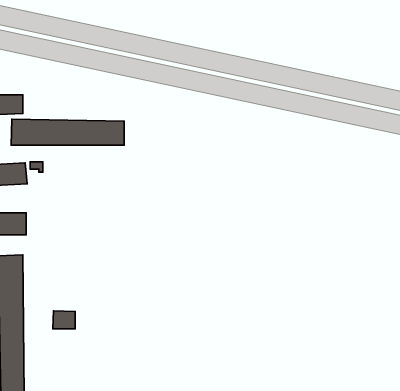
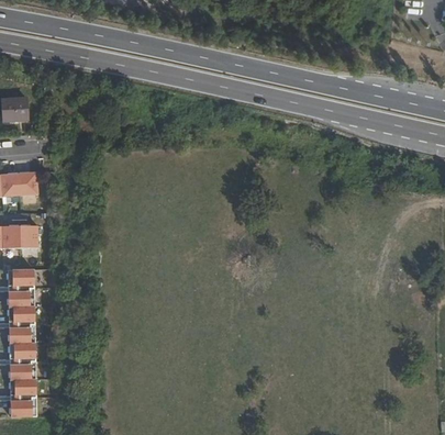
building: [11,119,124,145] -> none
building: [53,311,75,329] -> none

